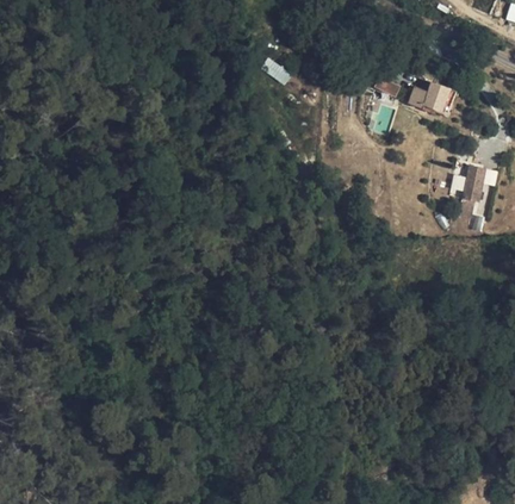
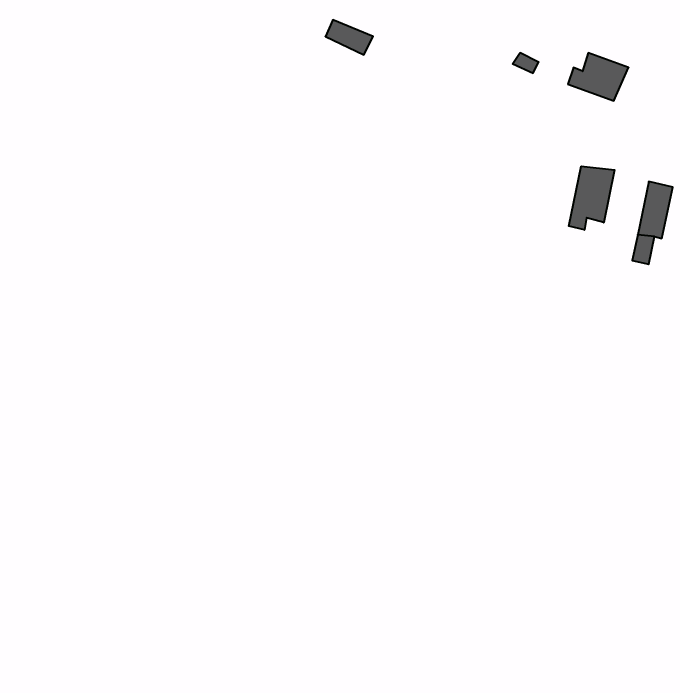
building: none -> [569,166,615,230]

